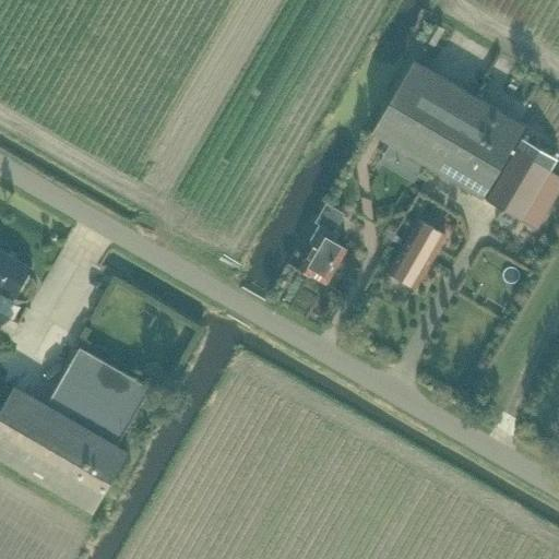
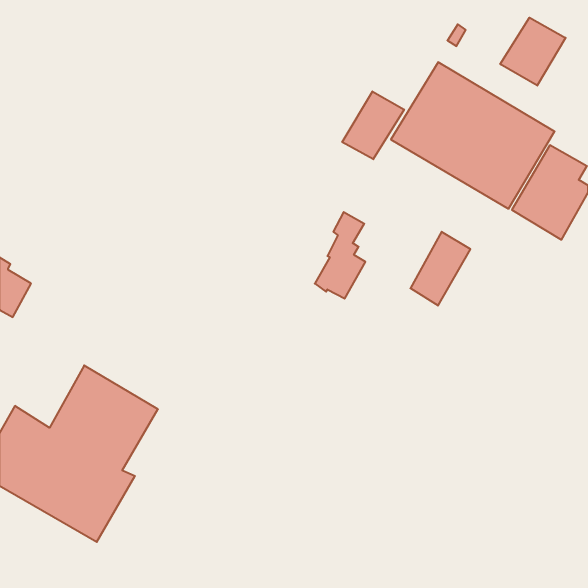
building: none -> [500,18,566,86]
building: none -> [342,91,404,159]

